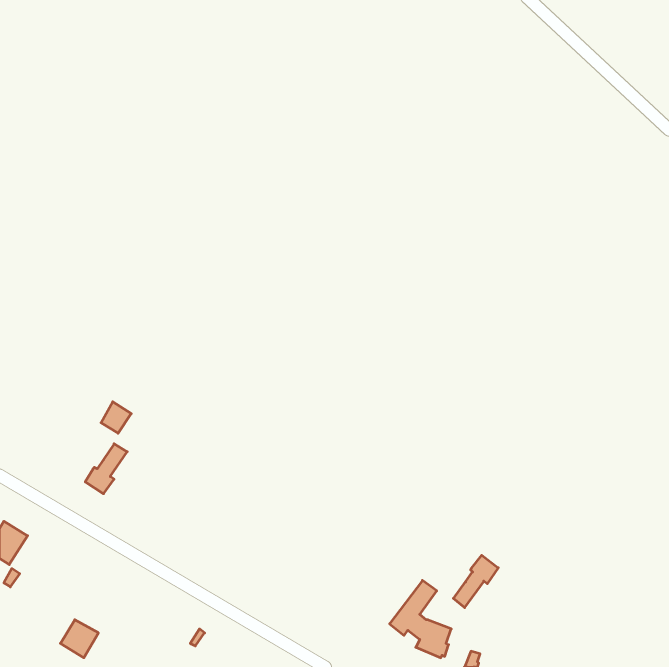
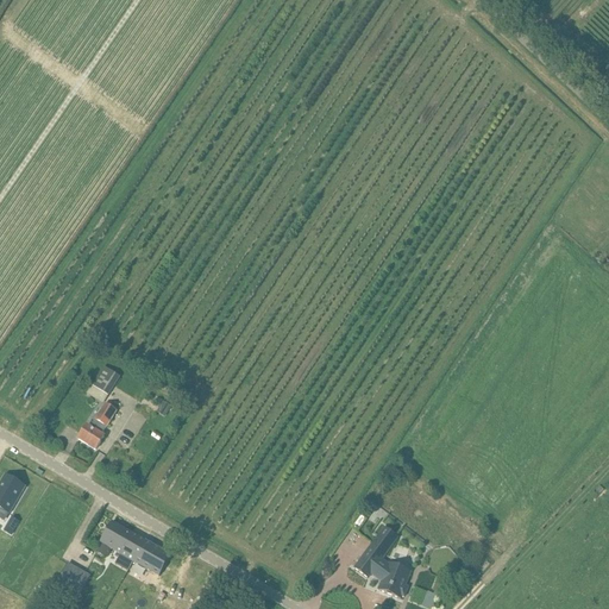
building: [453,555,498,608] -> none
building: none -> [95,520,170,573]

